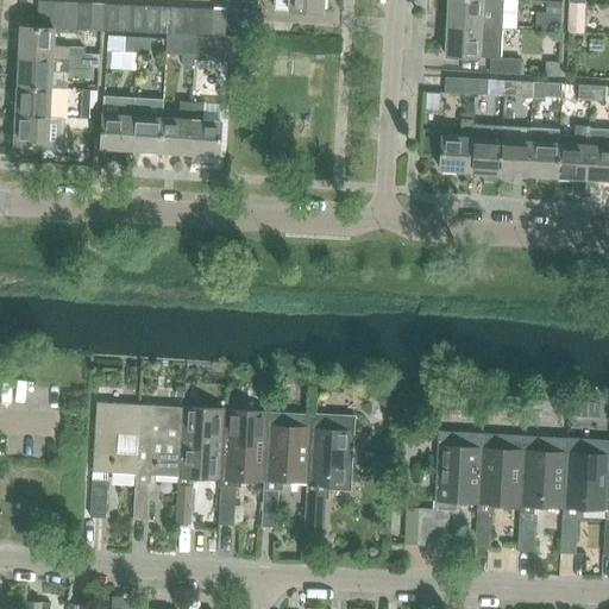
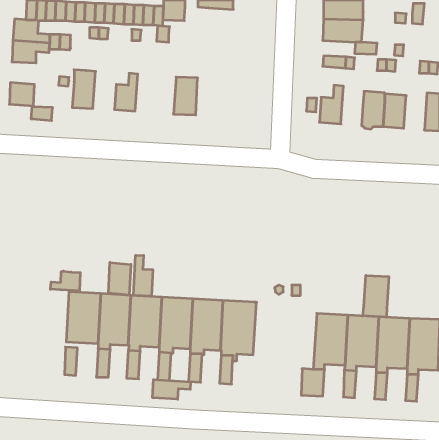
building: [15,86,67,117] -> none
building: [130,99,163,151] -> none
building: [188,102,221,155] -> [173,77,198,115]
building: [472,125,504,177] -> none
building: [559,127,591,180] -> none
building: none -> [134,255,153,296]
building: none -> [108,262,131,295]
building: none -> [50,271,80,291]
building: none -> [363,275,389,317]
building: none -> [153,380,191,399]

